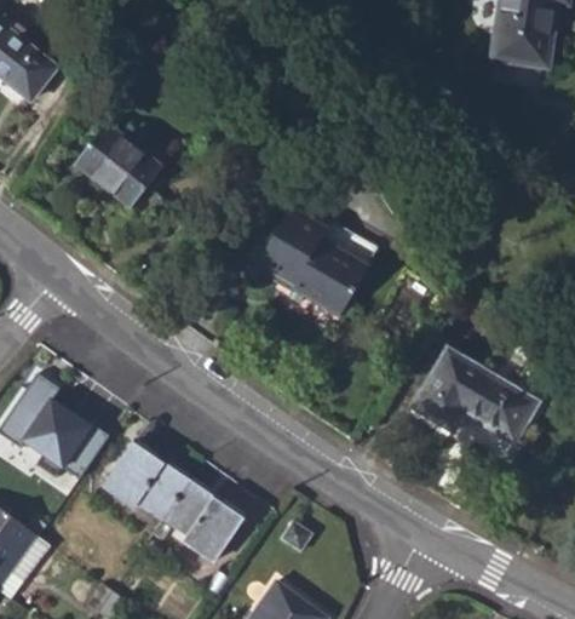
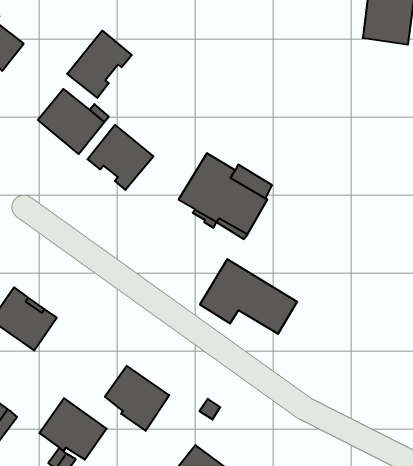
building: none -> [67,31,132,98]
building: none -> [87,125,153,190]
building: [413,348,537,443] -> [200,259,297,334]
building: [103,441,189,520] -> [39,398,107,460]

